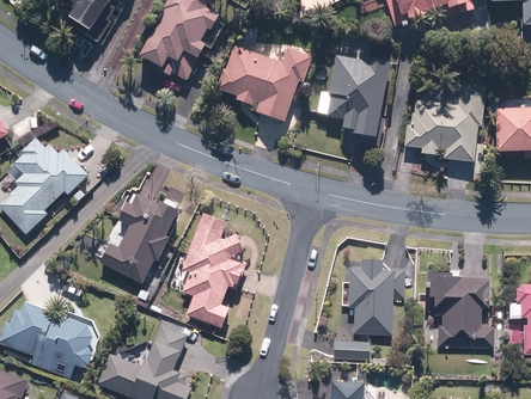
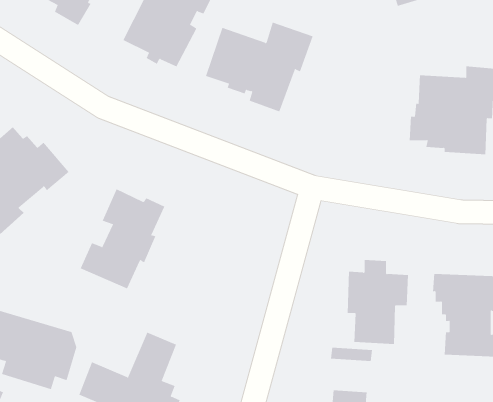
building: [316,49,389,139] -> none
building: [179,214,245,330] -> none

